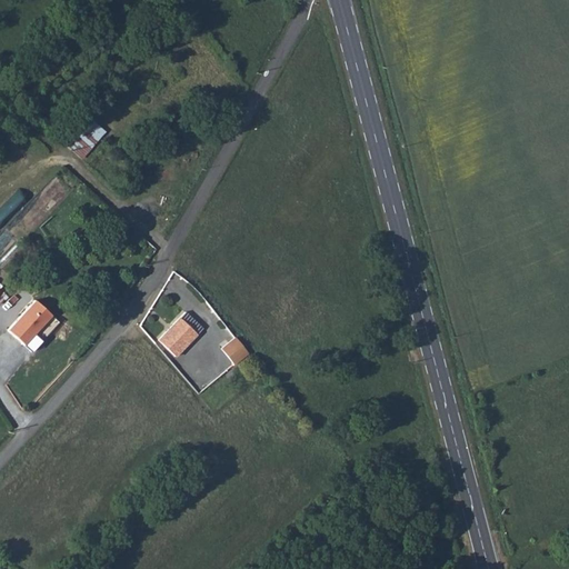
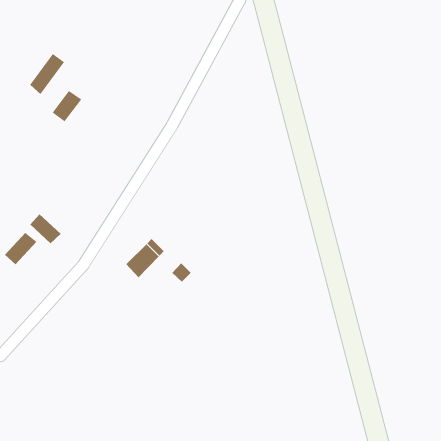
building: none -> [29,53,65,95]
building: none -> [29,214,62,244]

